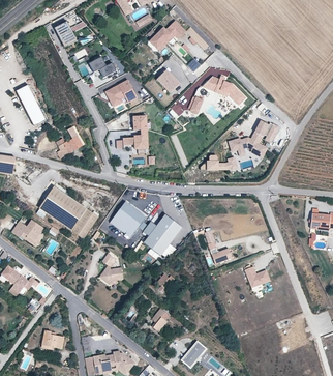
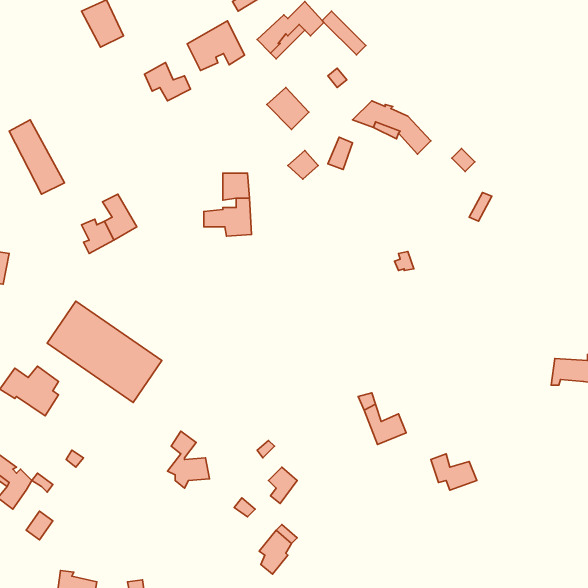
building: [104,79,135,106] -> [187,21,245,71]
building: [226,119,268,157] -> none
building: [110,202,145,237] -> none
building: [142,213,180,254] -> none

